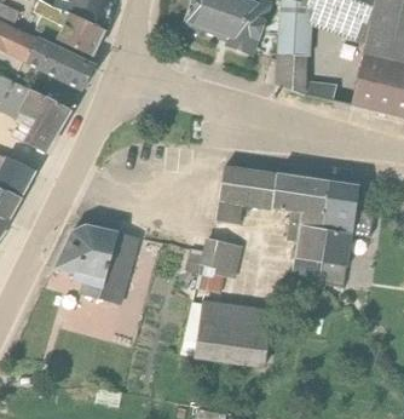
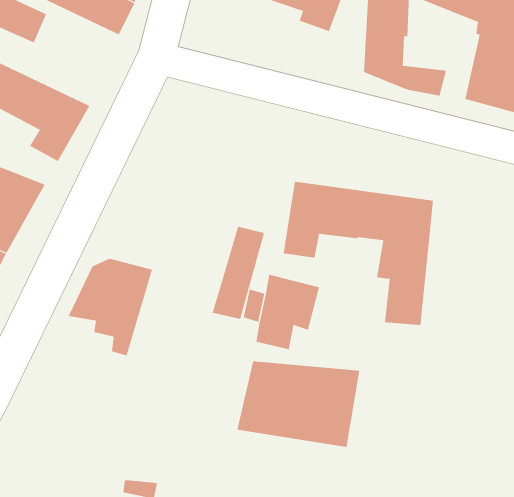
building: [29,40,96,87] -> none
building: [319,180,374,287] -> none
building: [99,233,139,303] -> [212,226,265,319]

